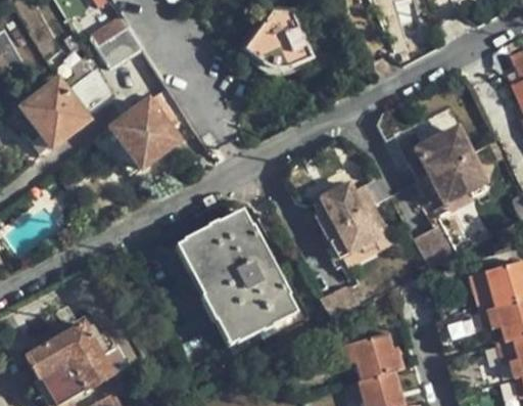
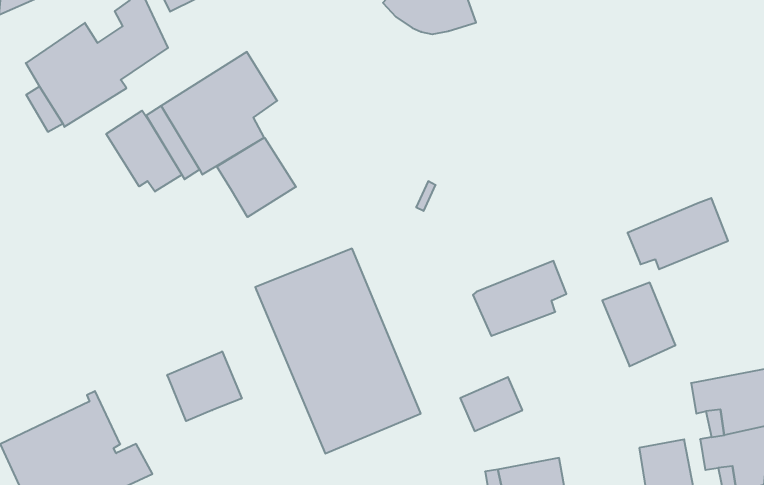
building: [409,130,463,182] -> none
building: none -> [106,111,182,192]
building: none -> [217,138,296,217]
building: [312,182,373,229] -> none
building: none -> [167,351,242,421]

